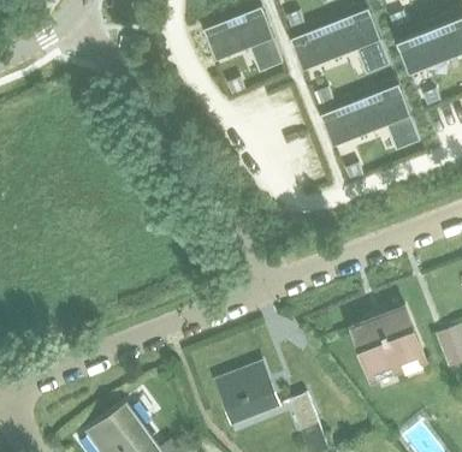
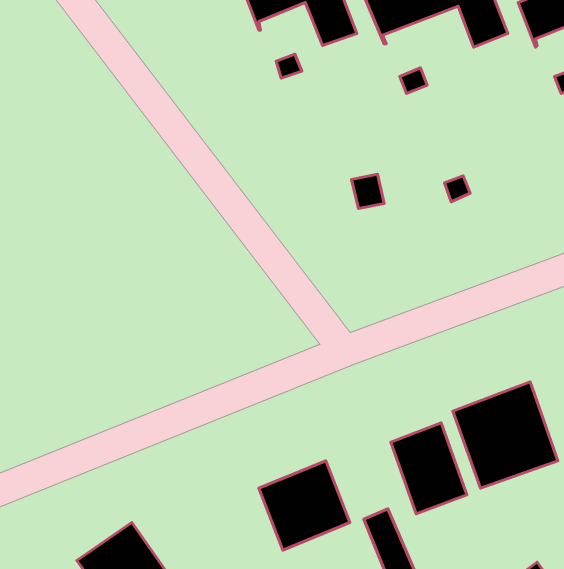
building: [320,85,420,150] -> none
building: none -> [391,423,467,514]

